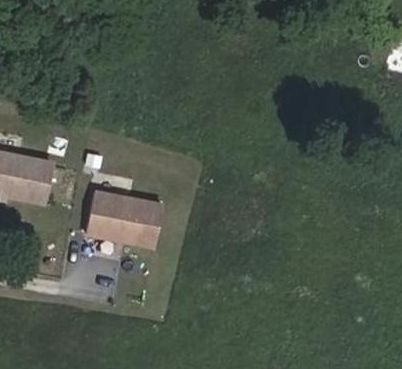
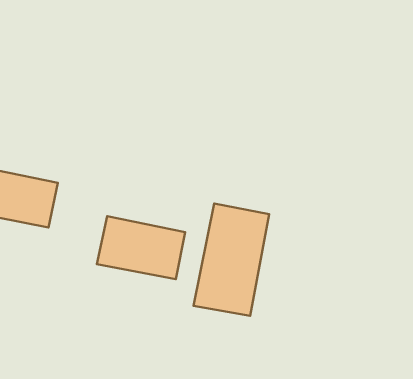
building: none -> [193,203,269,316]

